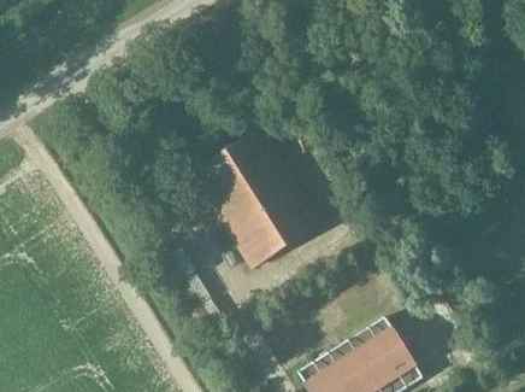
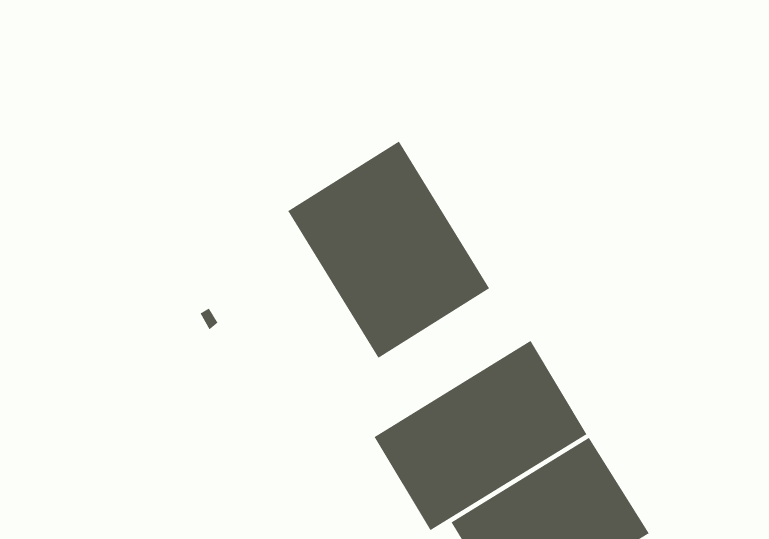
building: none -> [373,340,588,531]

